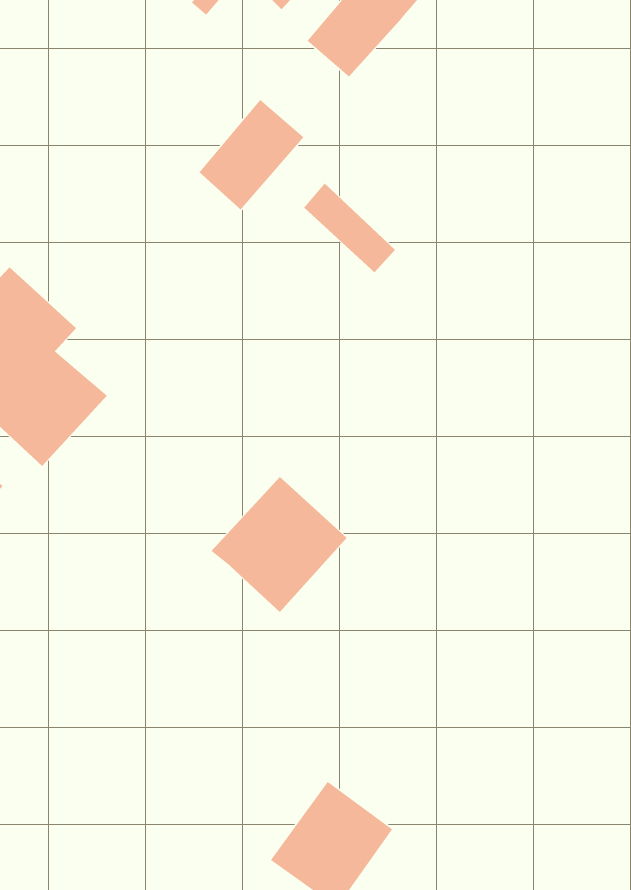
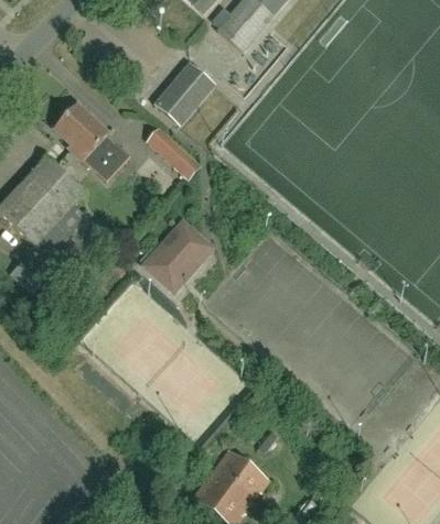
building: none -> [55,106,129,181]
building: [303,183,396,273] -> [146,127,198,178]
building: [210,476,347,613] -> [133,212,212,291]

